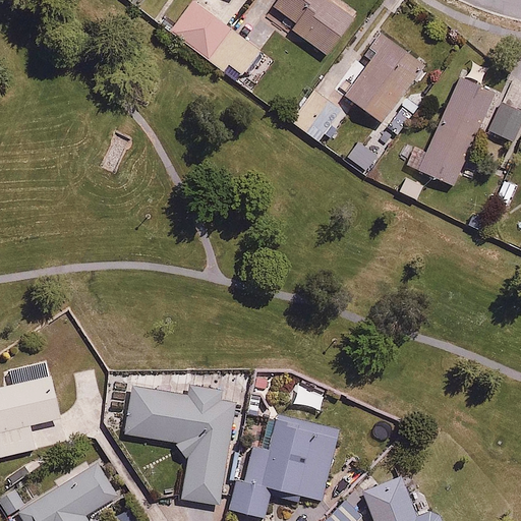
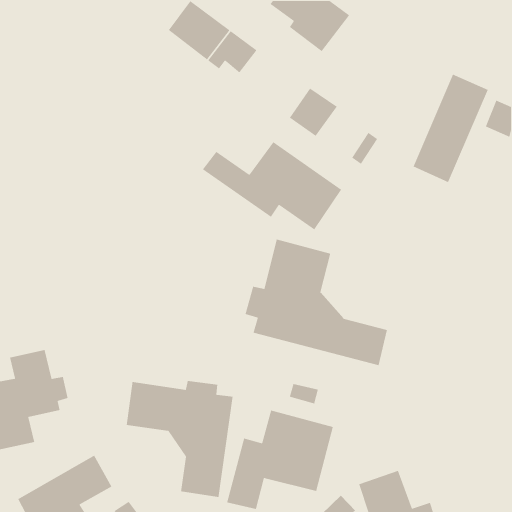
building: [342,33,425,122] -> none
building: none -> [202,141,342,230]
building: none -> [244,239,388,366]

